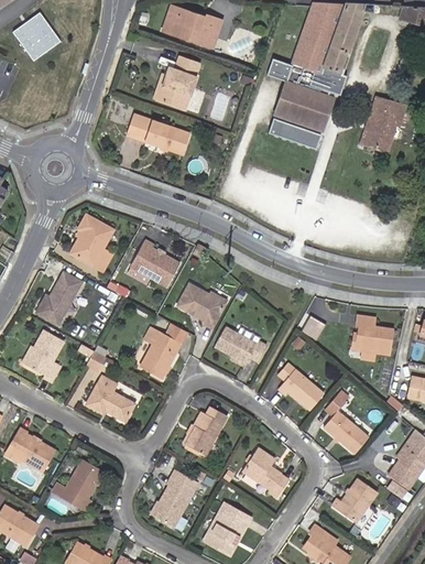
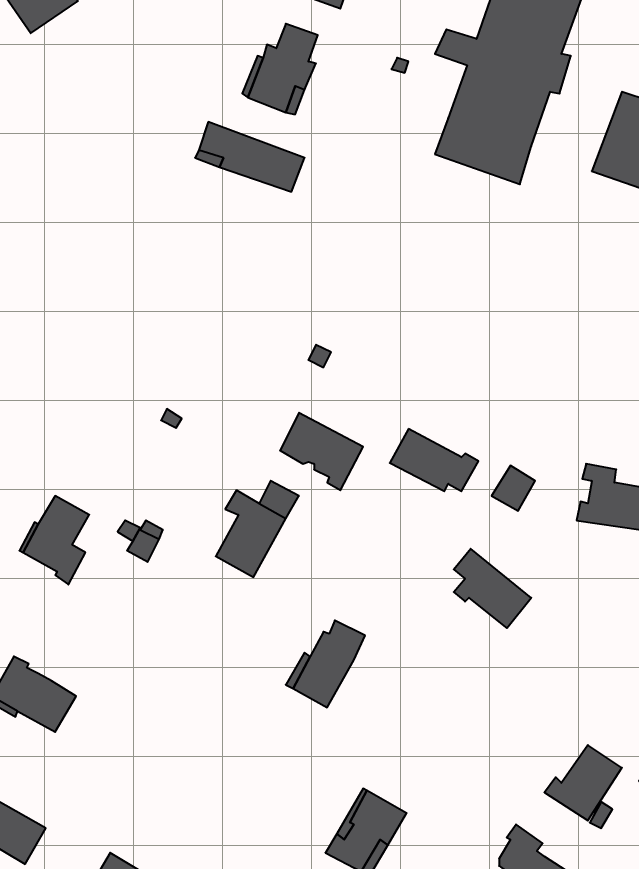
building: [75,215,113,271] -> none
building: [131,241,179,286] -> none
building: [36,273,81,324] -> none
building: [214,326,265,362] -> [390,429,478,491]
building: [86,376,134,422] -> none
building: [323,392,367,452] -> none
building: [241,446,290,496] -> none
building: [52,458,102,509] -> none
building: [152,476,194,524] -> none

